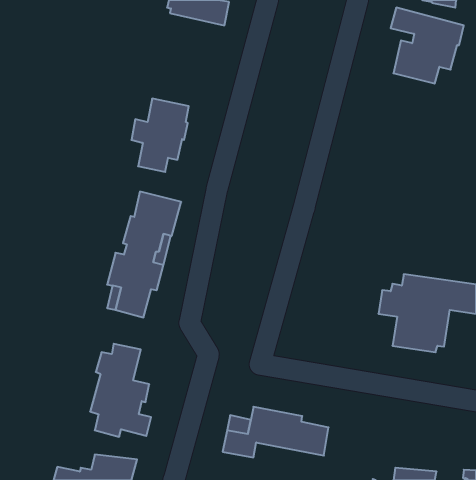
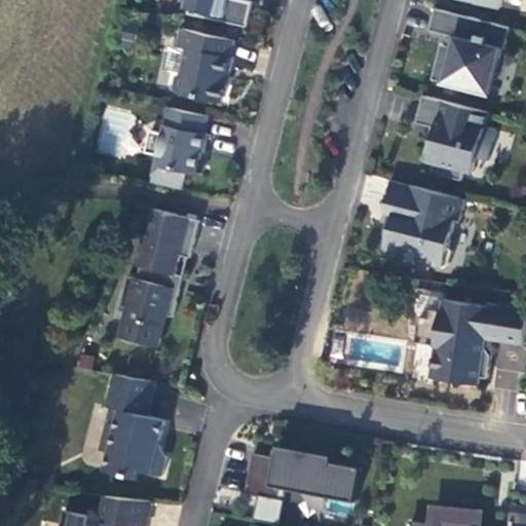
building: none -> [172,29,233,103]
building: none -> [404,96,484,180]
building: none -> [381,181,464,268]

